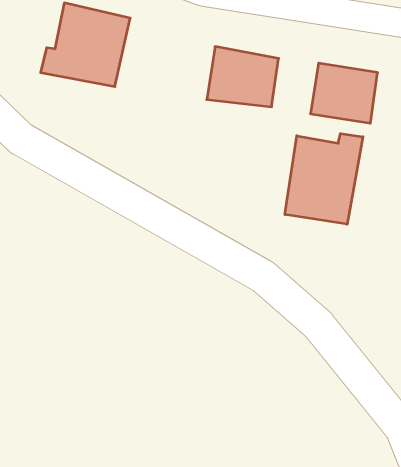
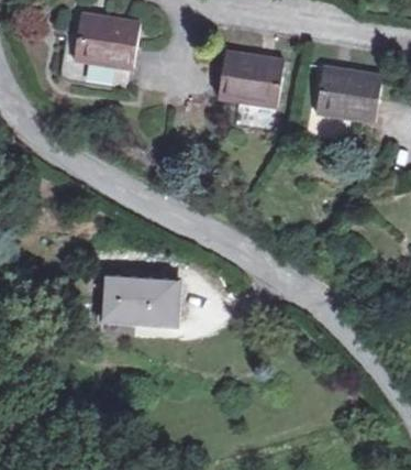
building: [285,134,363,224] -> none
building: none -> [92,264,179,329]

